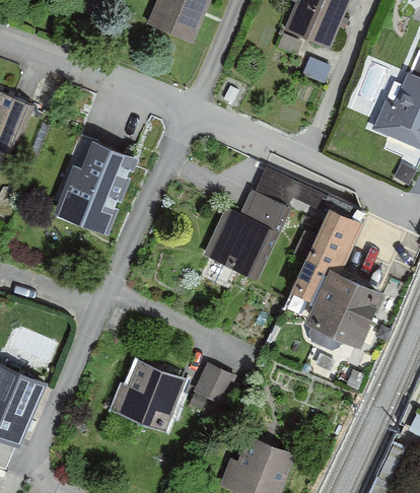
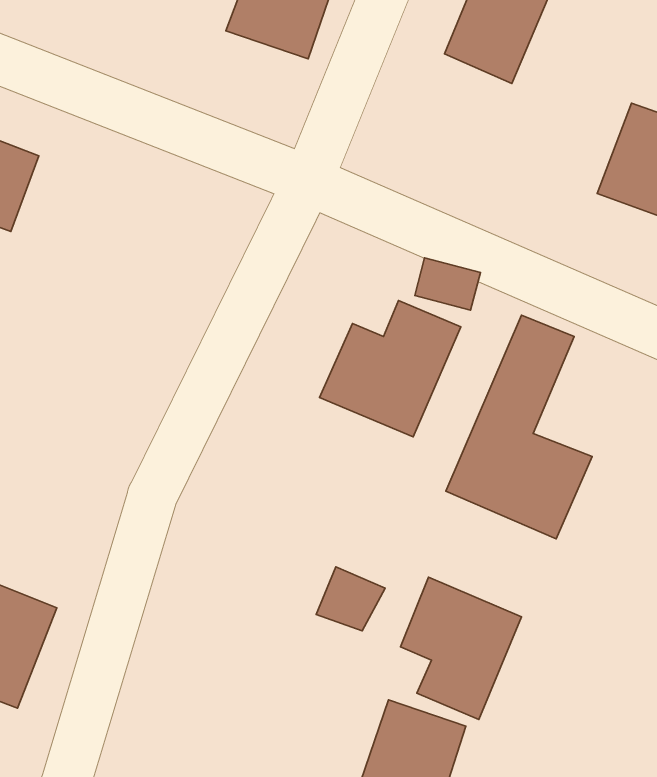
building: [59,142,142,235] -> none
building: [109,356,179,427] -> none
building: none -> [400,577,521,720]

